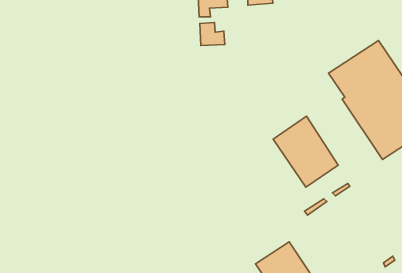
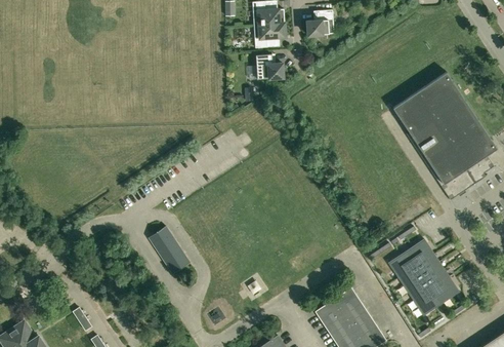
building: [273,116,338,187] -> [388,239,458,315]
building: none -> [149,227,190,274]

